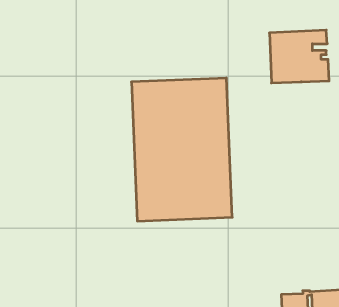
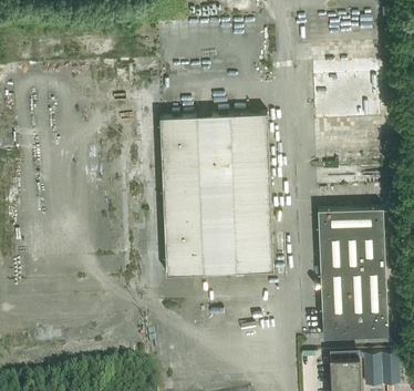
building: none -> [319,208,389,339]

